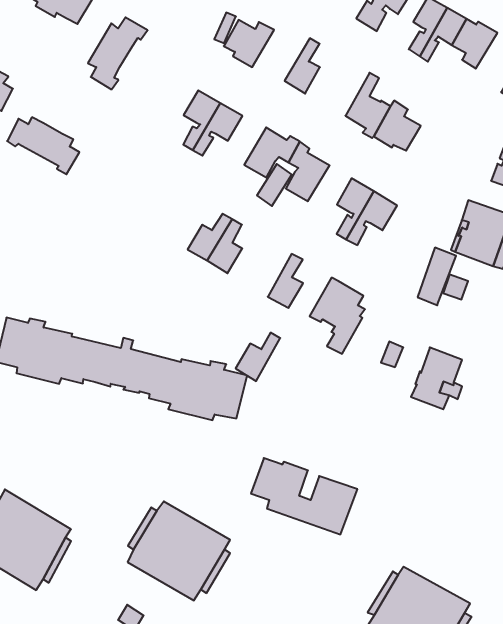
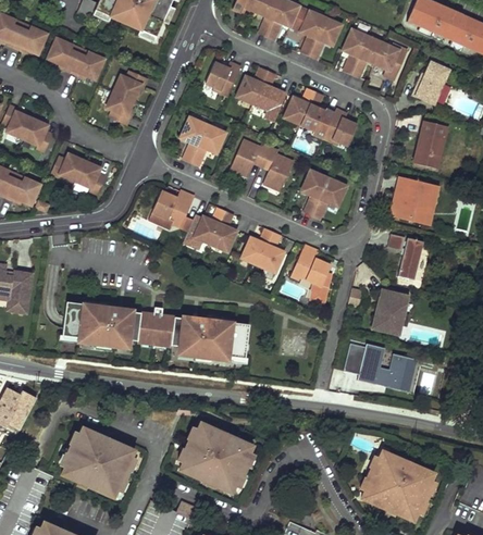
building: none -> [237,66,269,103]
building: none -> [285,87,315,124]
building: none -> [149,190,195,228]
building: [418,248,456,305] -> [399,237,424,279]
building: [236,333,280,381] -> [243,227,273,264]
building: [251,458,357,534] -> [344,343,422,393]

